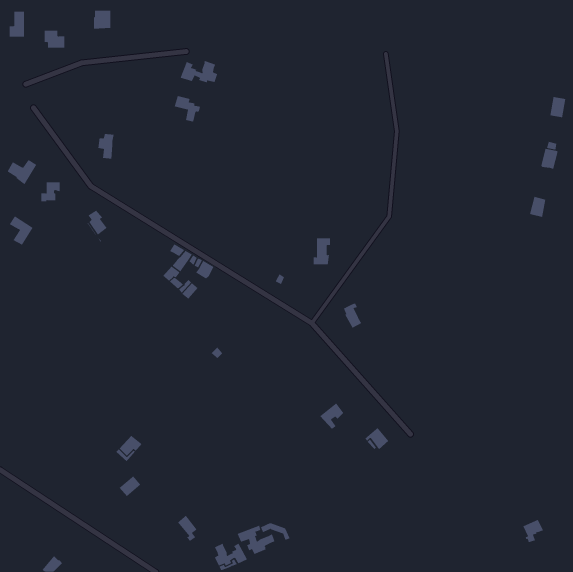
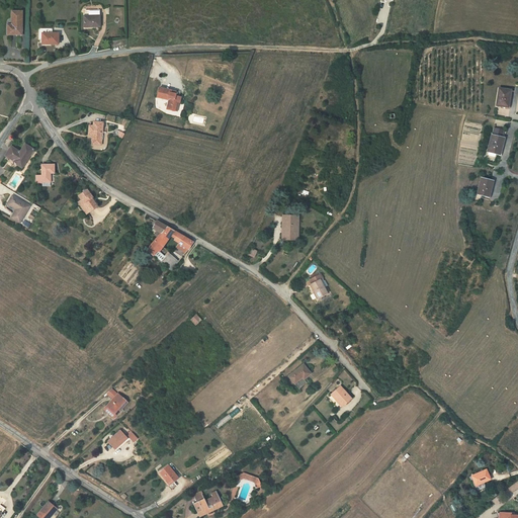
building: [180,60,218,83] -> none
building: [237,525,275,555] -> none

